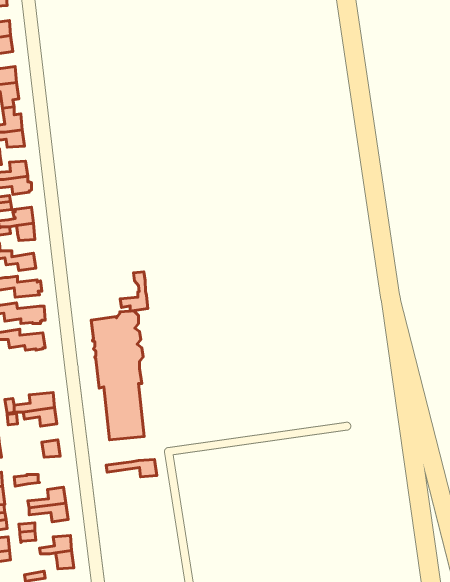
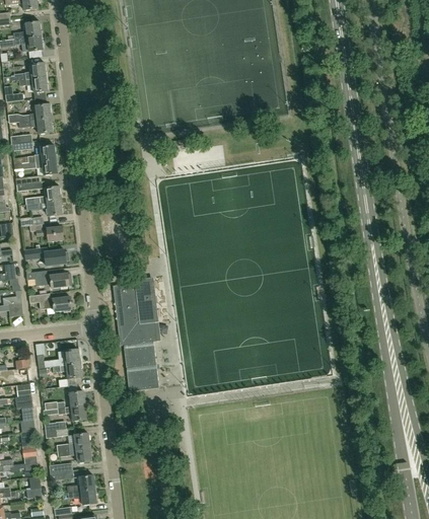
building: [120,272,148,311] -> none
building: [106,459,157,477] -> [42,404,86,420]

